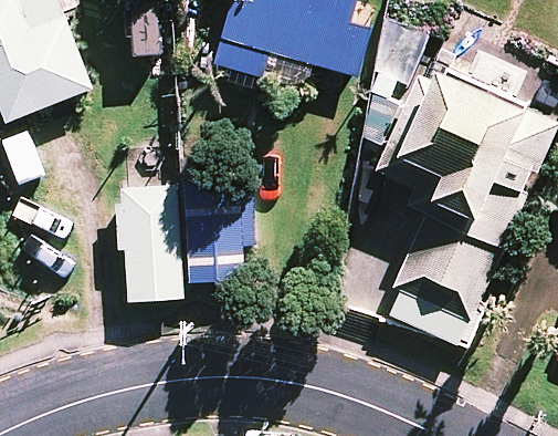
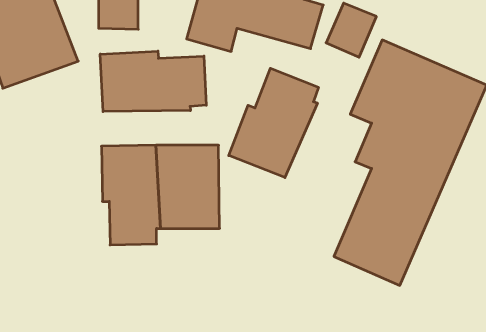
building: none -> [100,51,206,112]
building: none -> [229,68,318,178]

